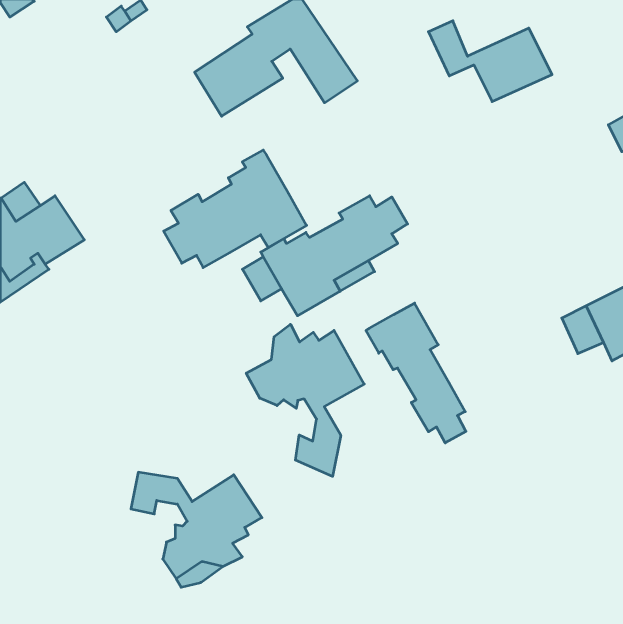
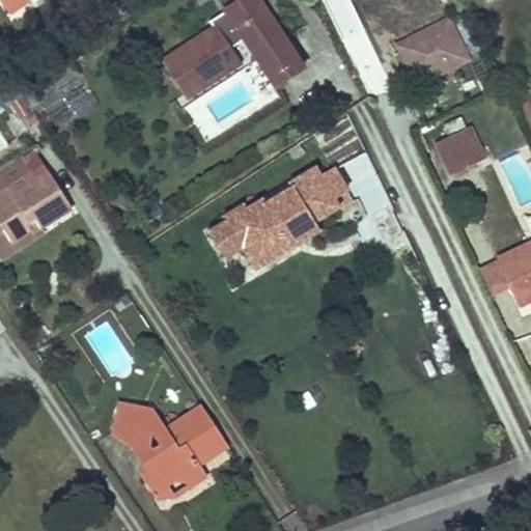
building: [164,150,307,268] -> none
building: none -> [439,129,484,169]
building: [366,303,466,443] -> none
building: [246,324,364,476] -> none

